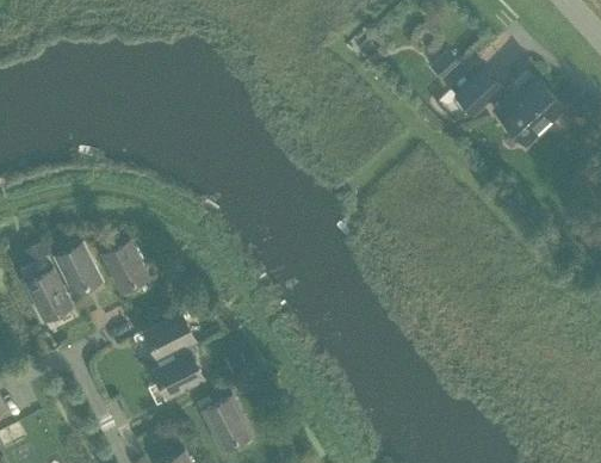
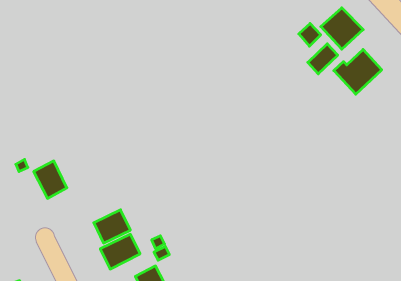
building: none -> [321,8,363,49]
building: [99,239,150,294] -> none
building: [24,268,73,322] -> none

